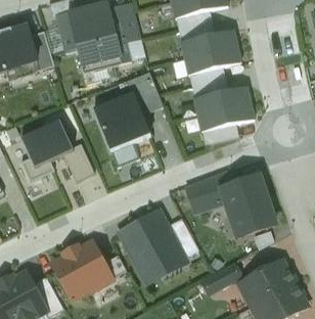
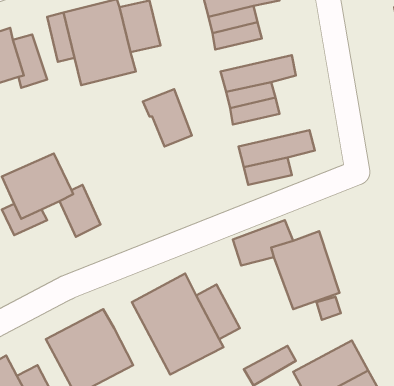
building: [180,30,237,58] -> none
building: [193,86,251,115] -> none
building: [93,92,150,151] -> none

